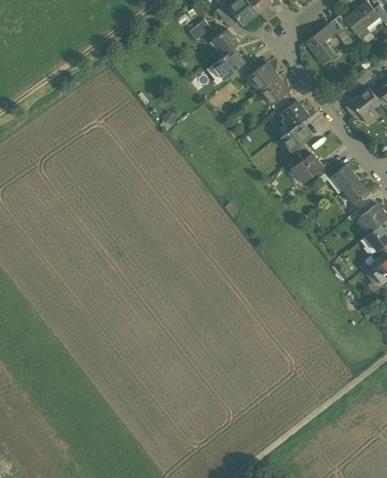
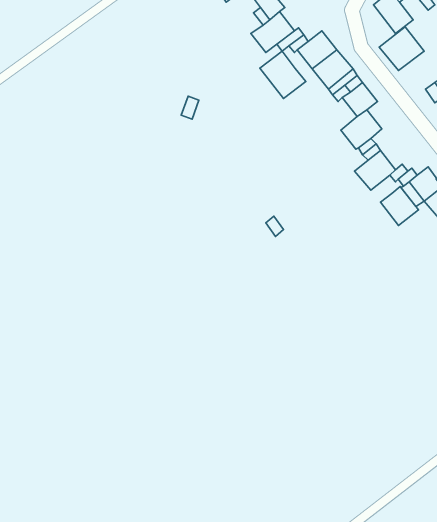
building: none -> [379,27,424,70]
building: none -> [260,51,306,99]
building: none -> [380,187,418,225]

